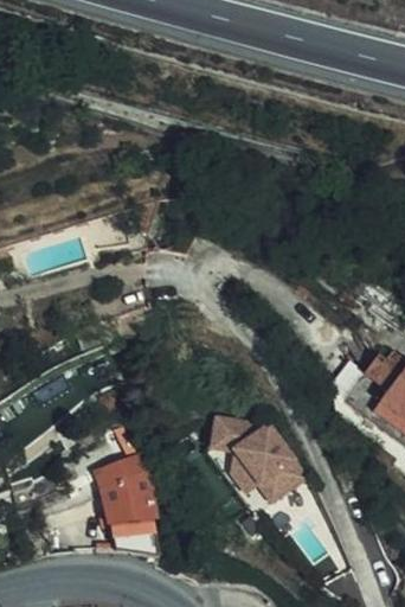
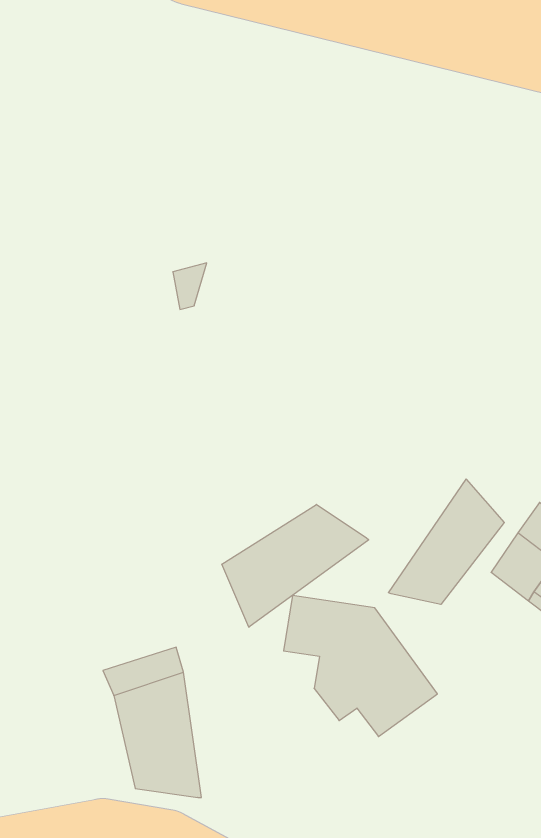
building: none -> [388,479,504,604]
building: none -> [222,504,369,627]

